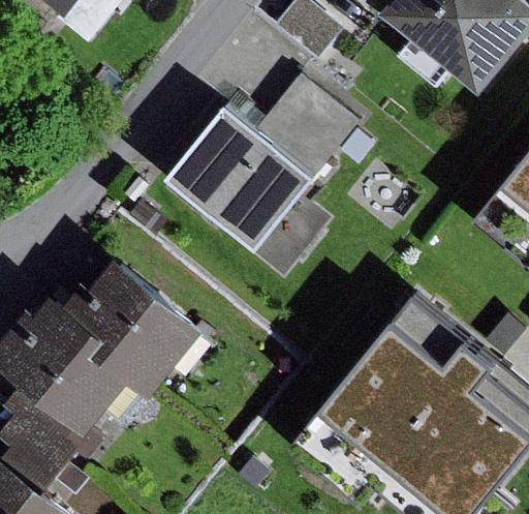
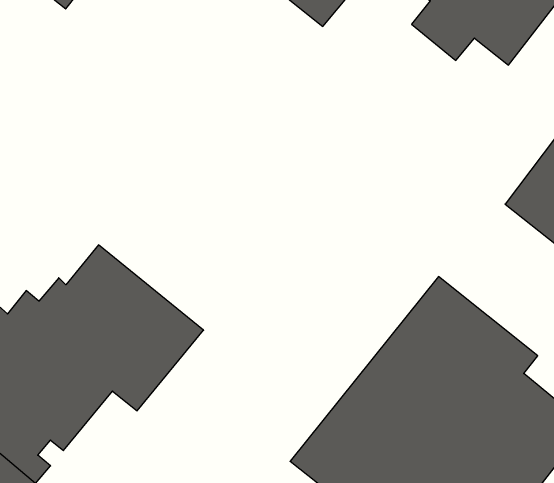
building: [167,72,360,248] -> none

